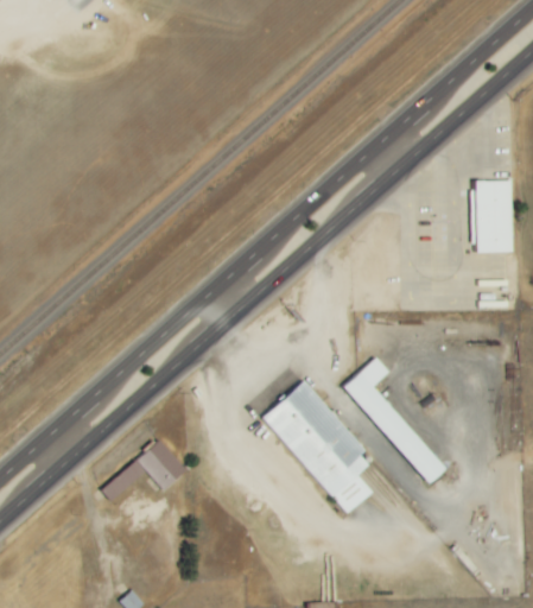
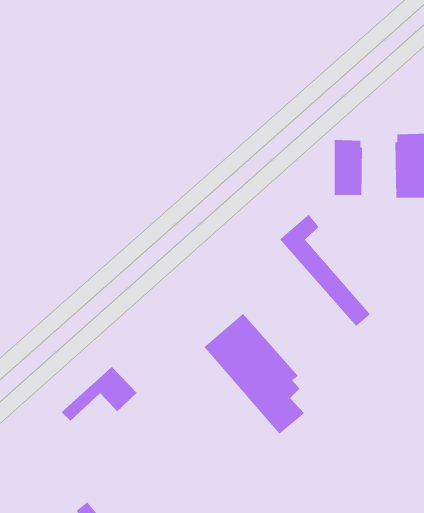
building: none -> [334,139,363,196]
building: [343,357,445,483] -> [279,214,371,327]

